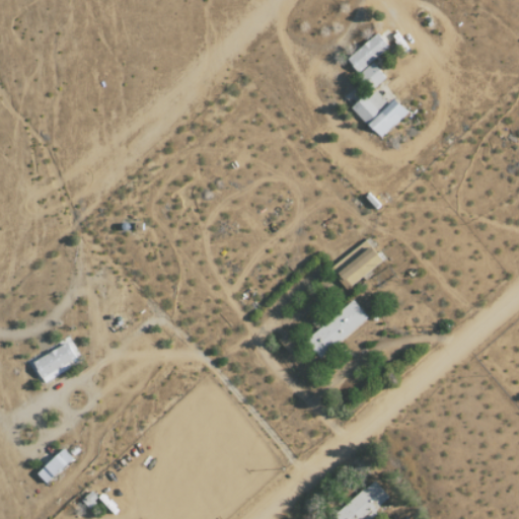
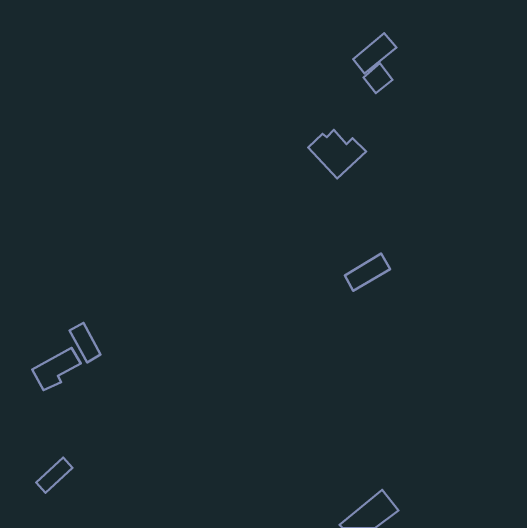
building: [352,90,409,138] -> [308,130,366,178]
building: [306,300,369,357] -> none
building: none -> [69,323,101,363]

